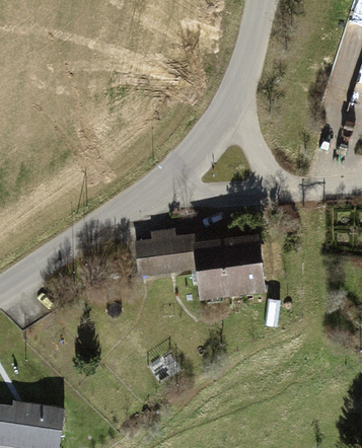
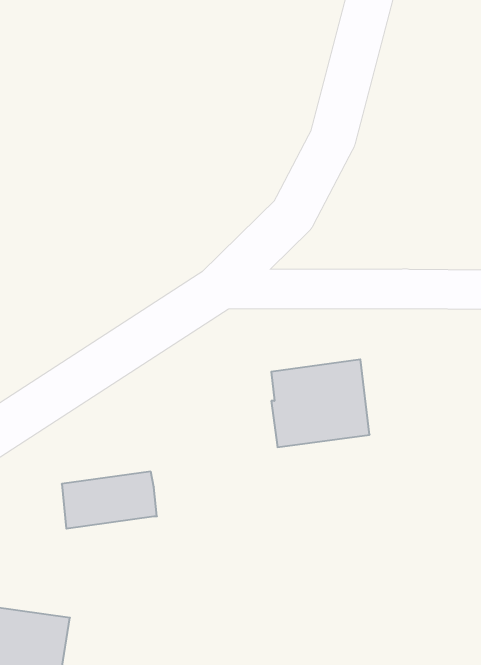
building: [137,236,200,274] -> [62,472,157,529]

